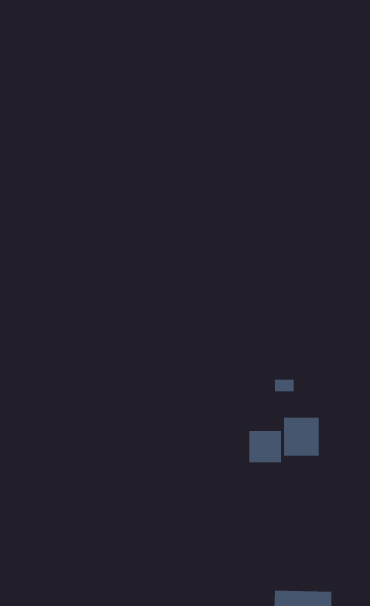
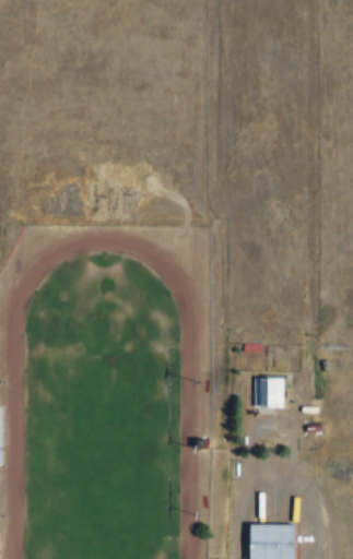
building: [249,430,281,463] -> none

